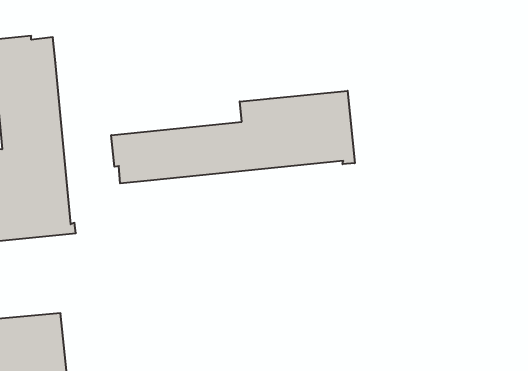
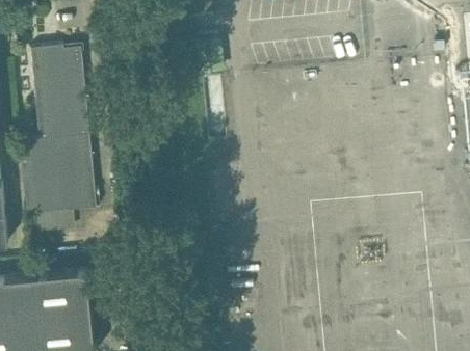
building: [111,91,355,183] -> none

